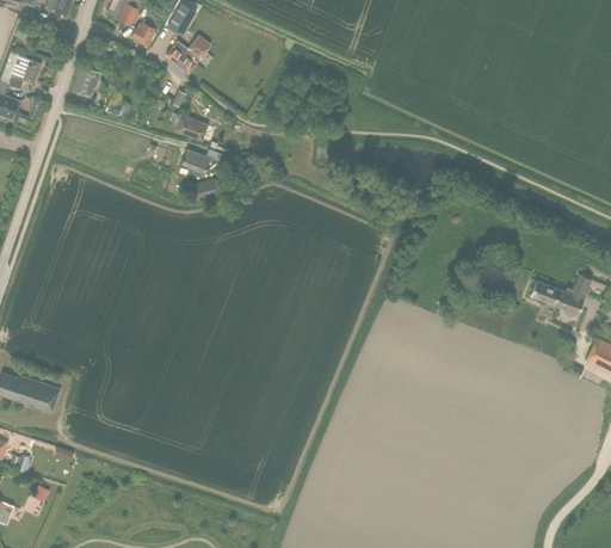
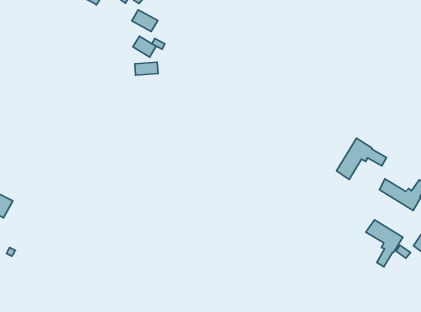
building: none -> [337,138,387,180]
building: none -> [366,220,403,267]

